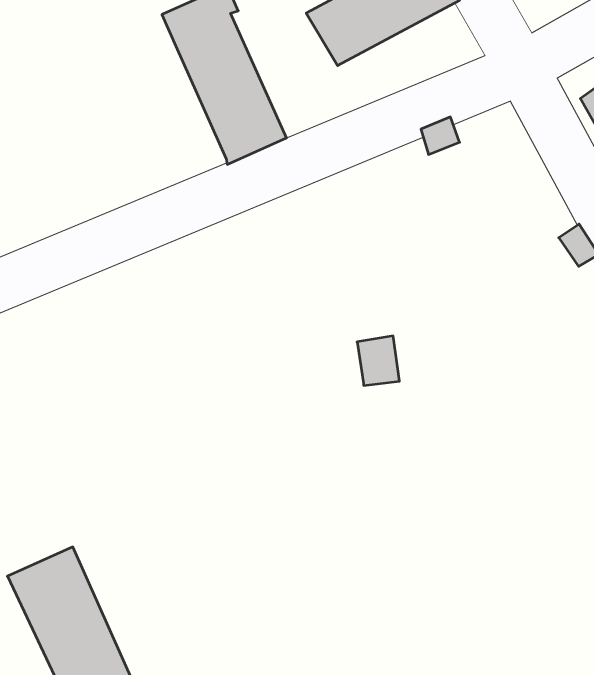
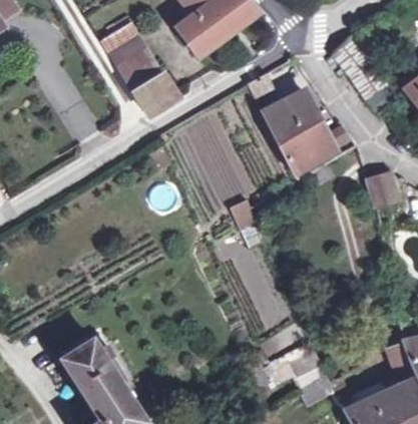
building: none -> [262,89,335,173]

